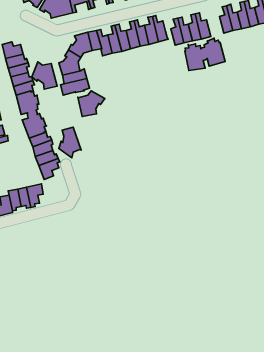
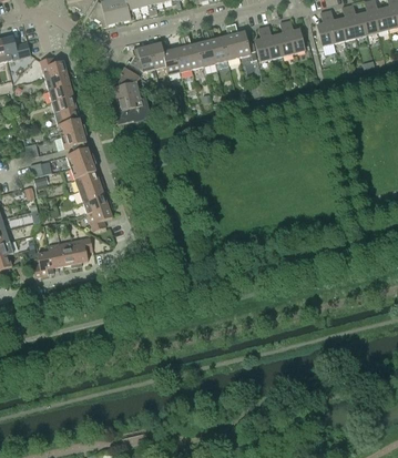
building: [185,38,225,71] -> none
building: [32,62,57,89] -> none
building: [78,91,105,116] -> none
building: [59,127,81,158] -> none

